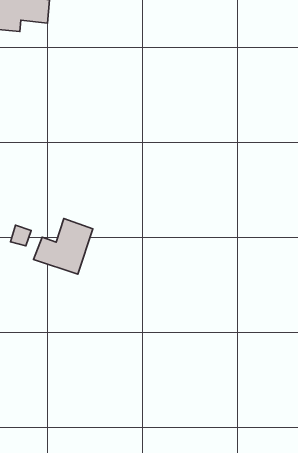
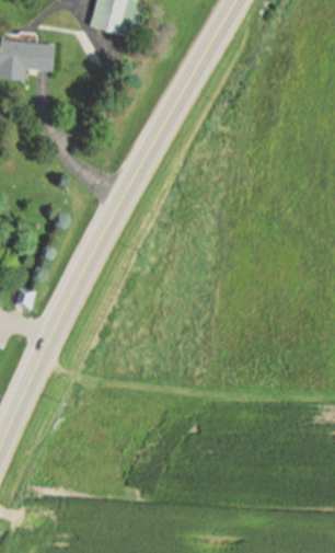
building: [34,219,93,274] -> none

